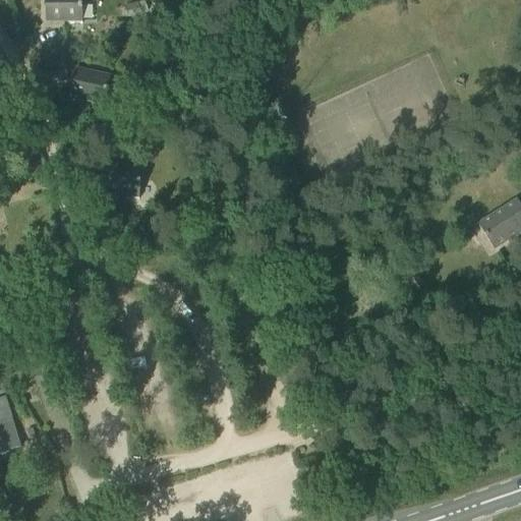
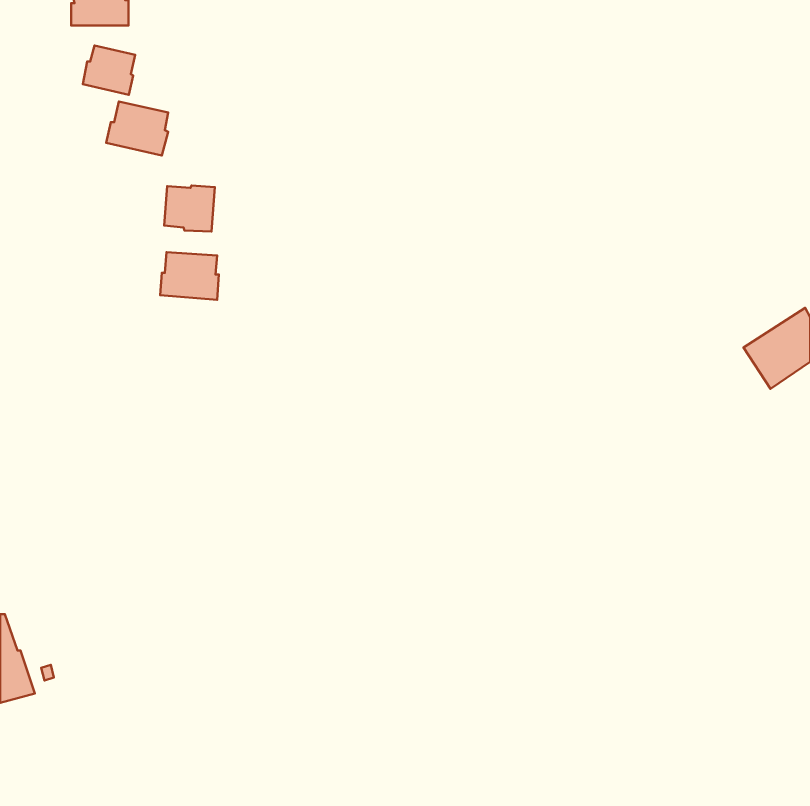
building: none -> [83,46,135,95]
building: none -> [164,185,215,232]

